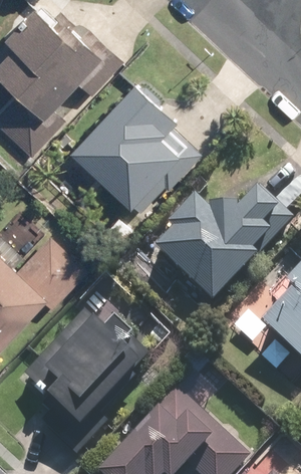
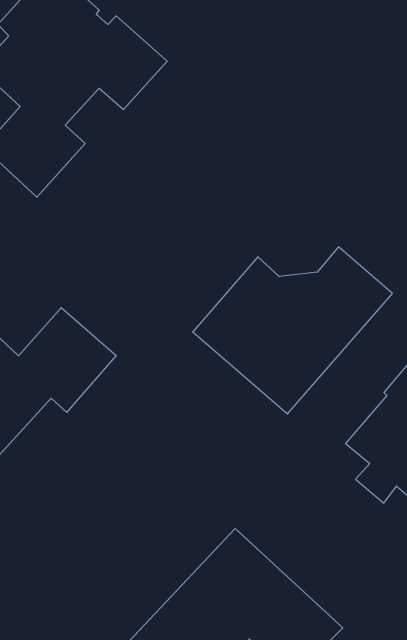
building: [64,84,205,218] -> none
building: [24,307,147,453] -> none

